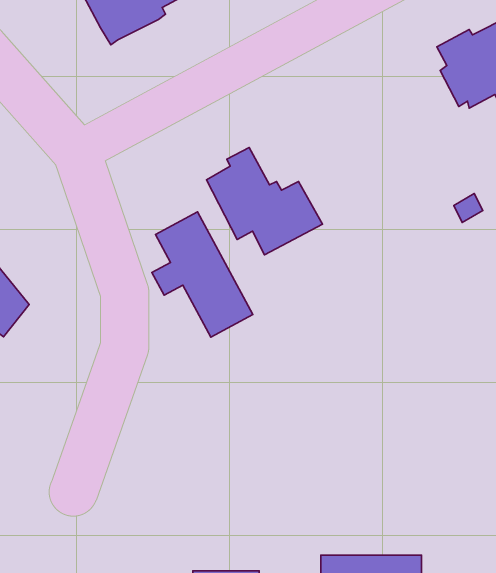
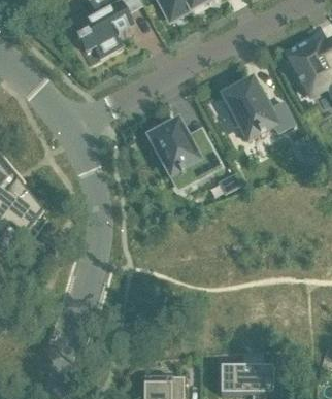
building: none -> [223,79,293,138]
building: [152,212,253,337] -> none

